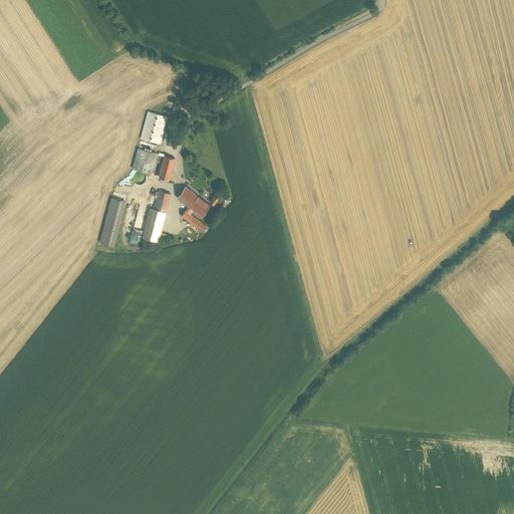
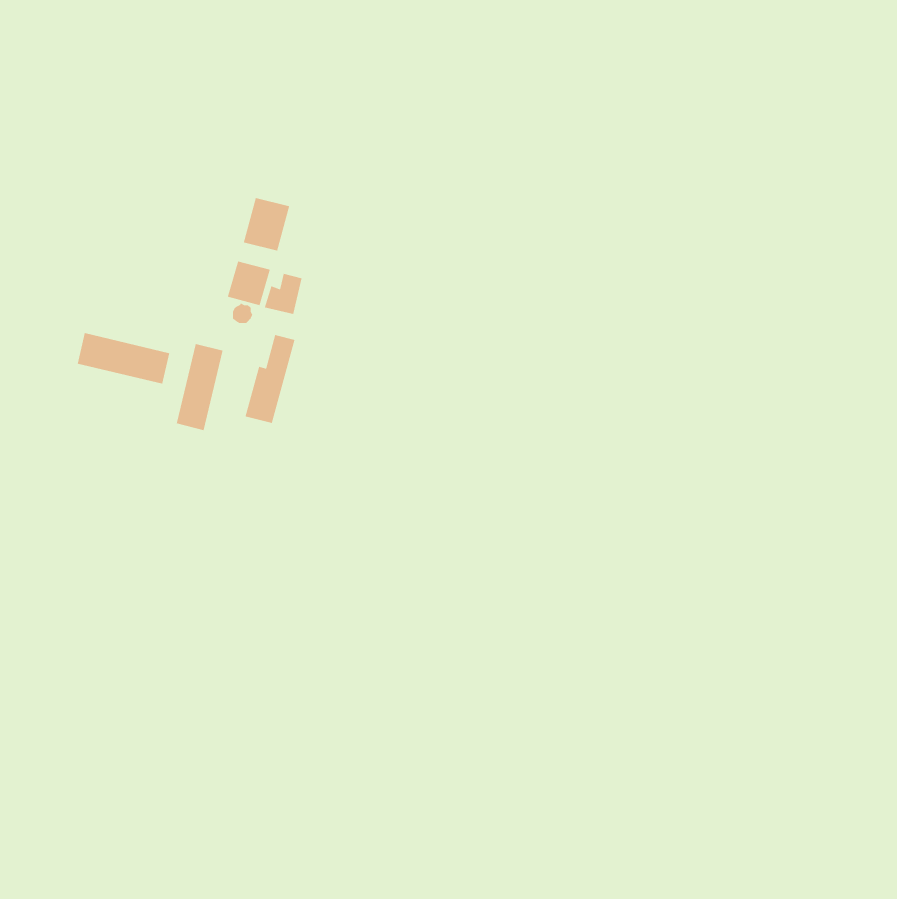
building: [176,189,217,233] -> none
building: none -> [77,332,170,385]

